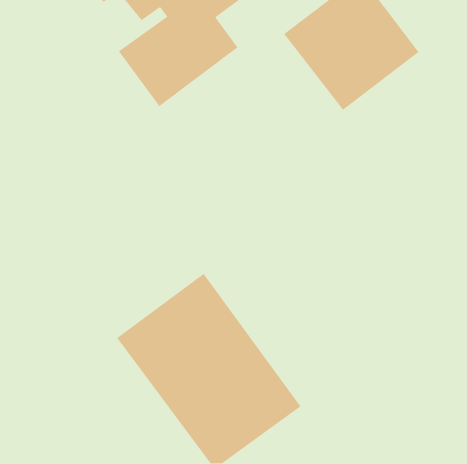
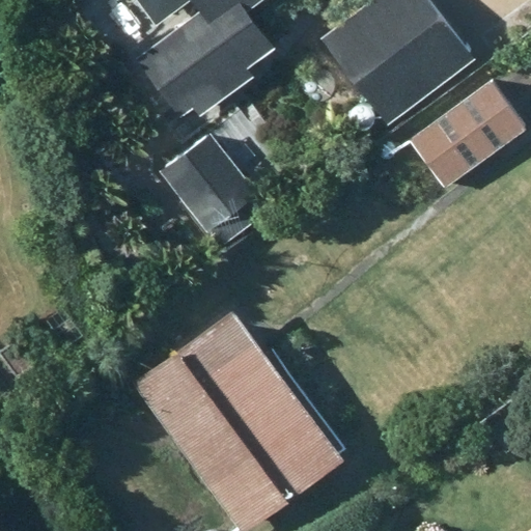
building: none -> [410,80,526,187]
building: none -> [162,136,267,249]

